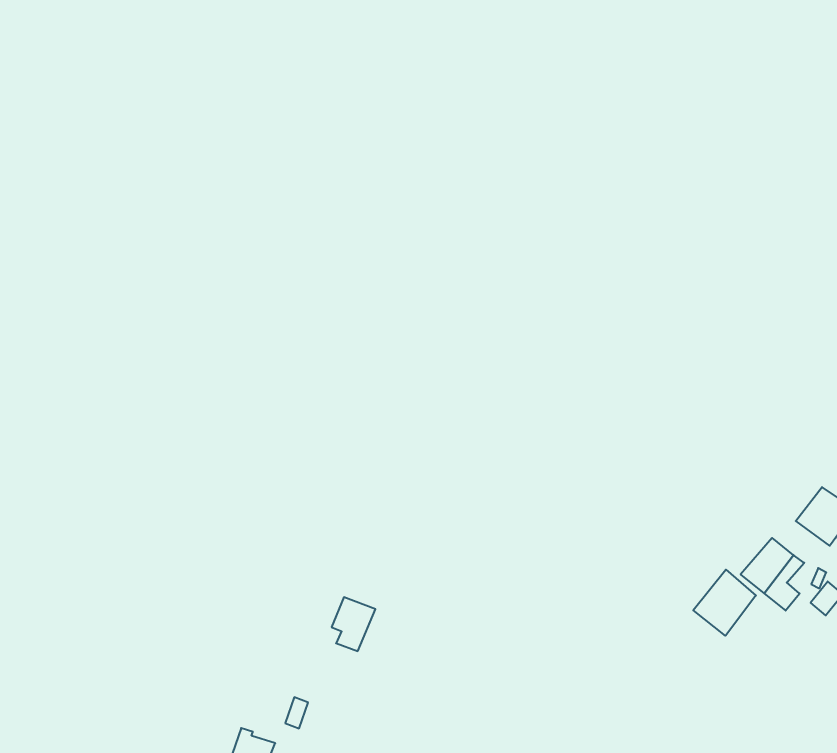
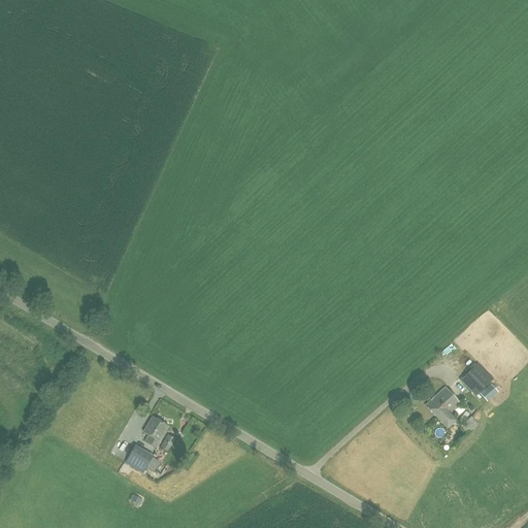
building: [693,570,756,636] -> none
building: [332,597,375,651] -> [143,416,169,447]

